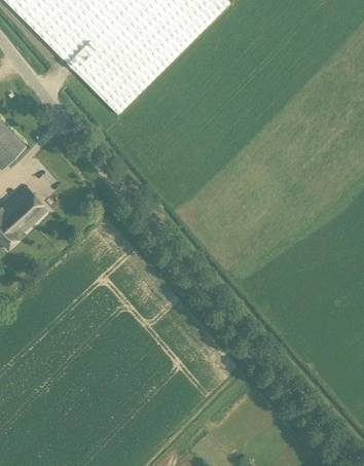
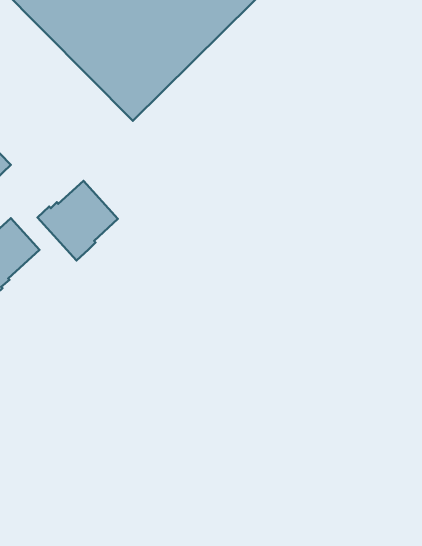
building: none -> [37,181,118,261]

